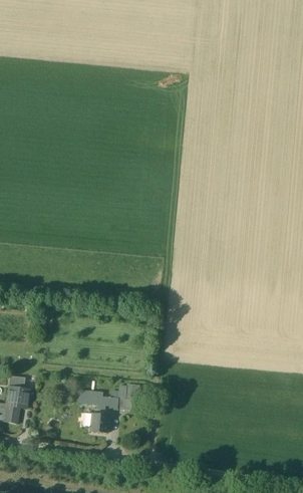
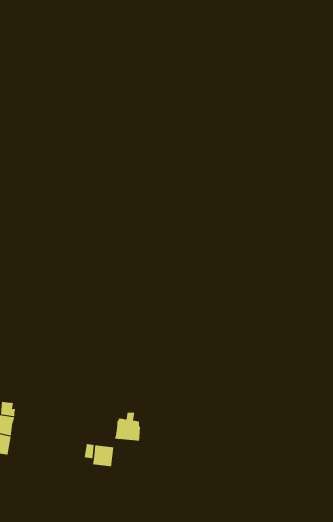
building: [79,391,111,410] -> none

